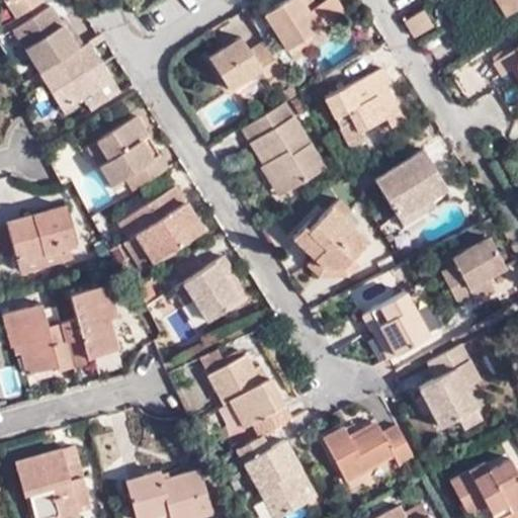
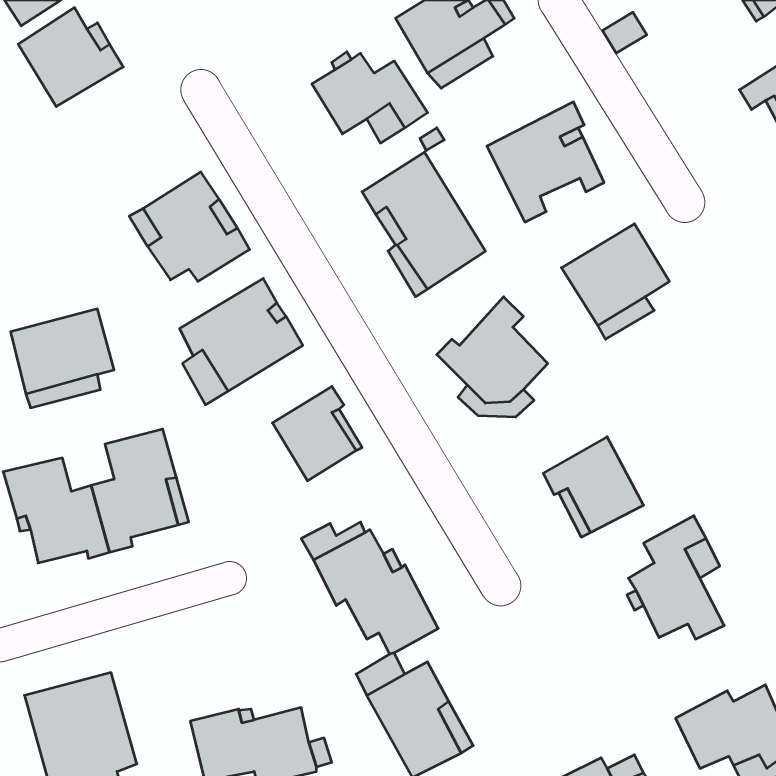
building: [38,41,112,110] -> none
building: [439,240,506,305] -> none
building: [322,423,414,480] -> none

